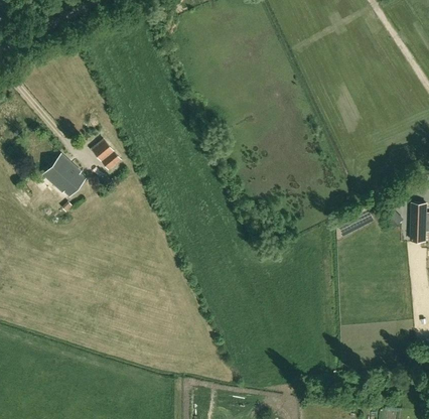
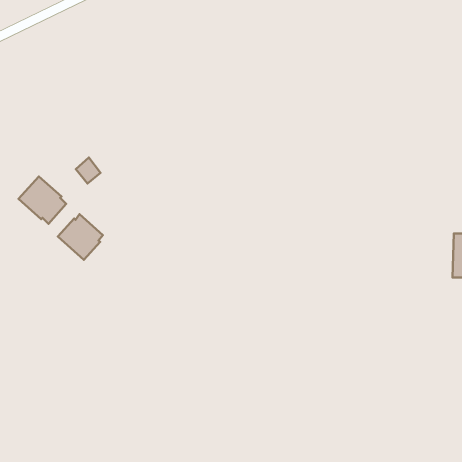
building: none -> [58,214,103,260]

